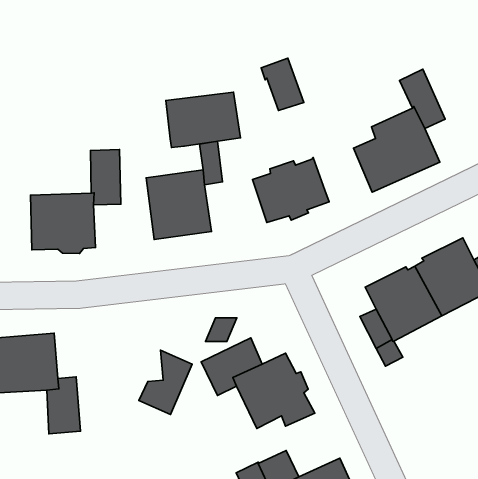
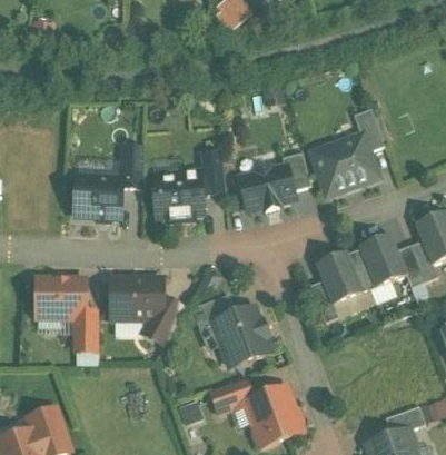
building: [261,58,304,111] -> [281,151,310,189]
building: [166,92,241,148] -> none
building: none -> [111,277,161,318]

